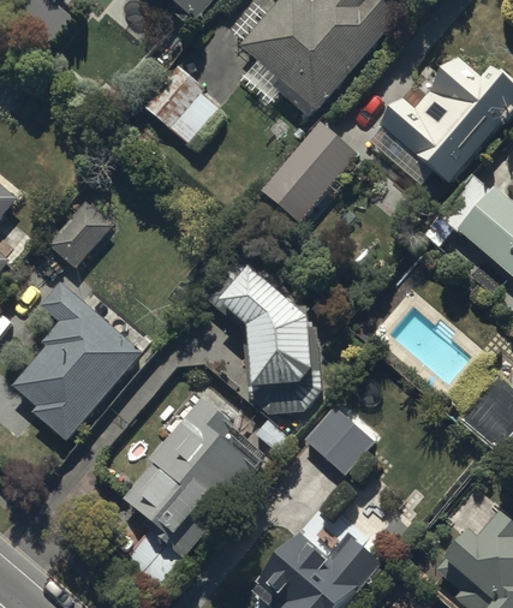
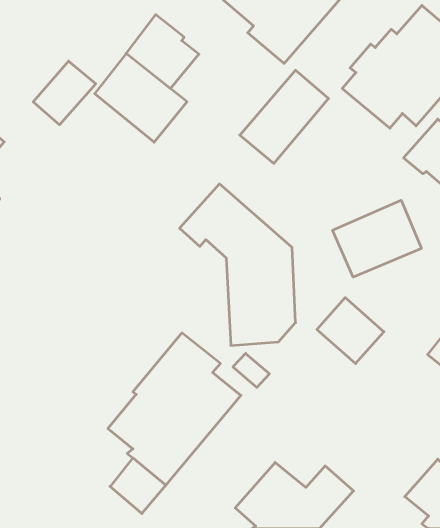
building: none -> [95,54,187,142]
building: [49,205,115,273] -> [33,61,96,125]
building: none -> [333,200,421,277]
building: [14,280,147,442] -> none
building: [304,407,375,477] -> [317,298,384,364]

